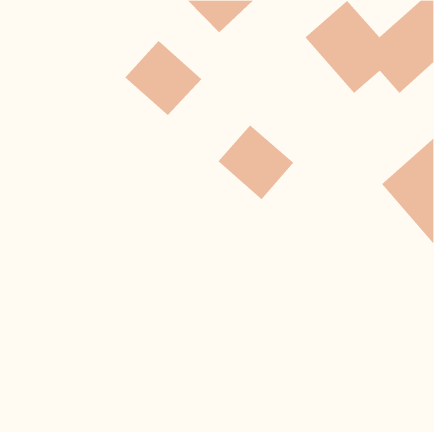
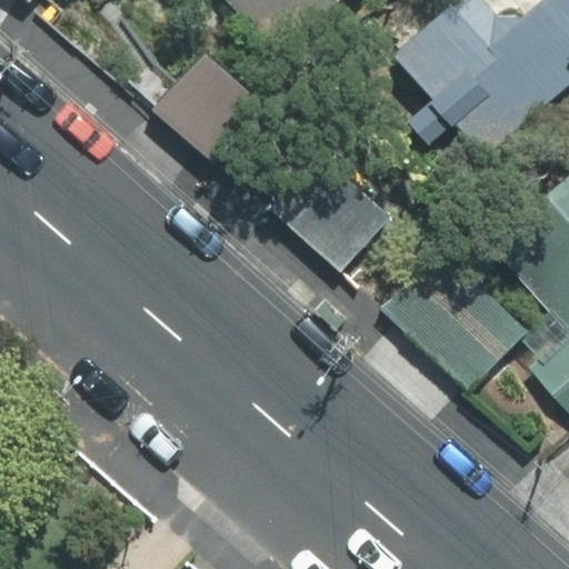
building: none -> [391,259,525,391]

